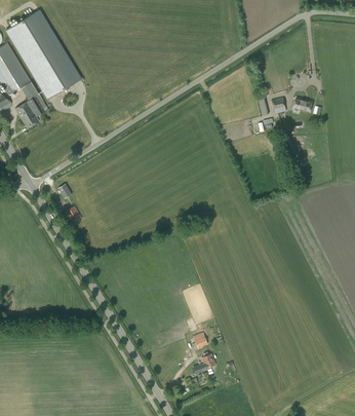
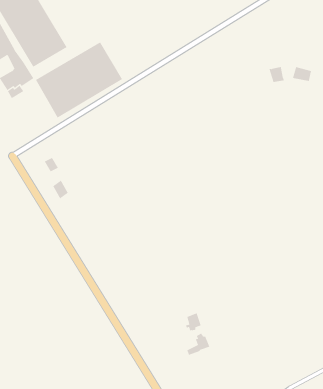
building: none -> [35,42,123,118]

